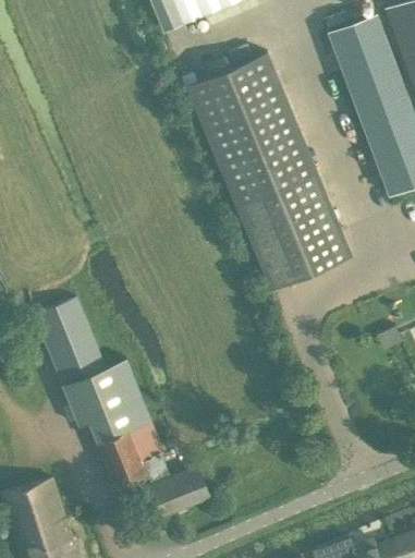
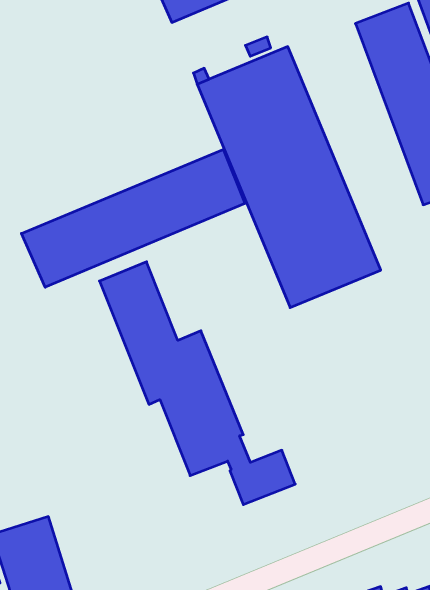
building: none -> [21,150,245,287]
building: [34,298,210,517] -> [99,262,295,505]

